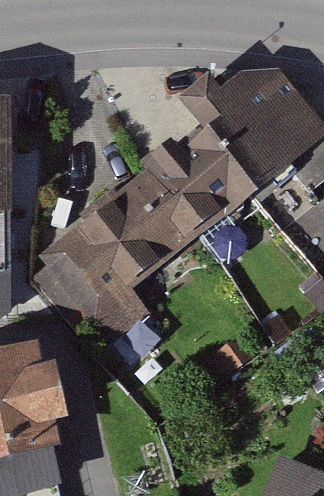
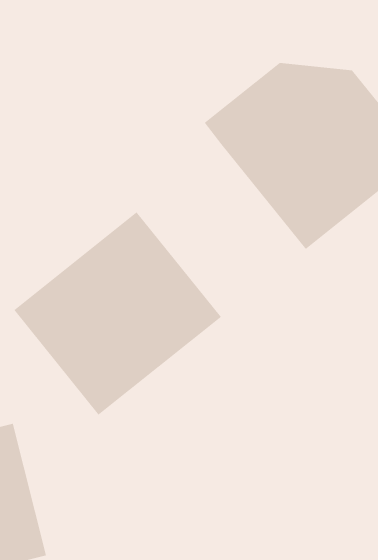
building: [125,131,256,265] -> none

